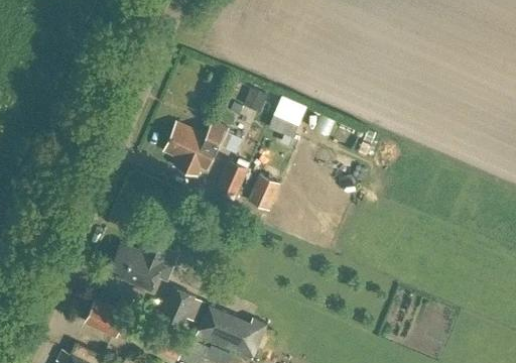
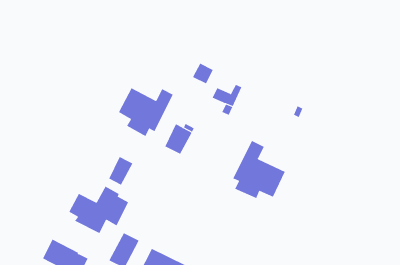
building: none -> [233,140,285,199]
building: [249,174,281,210] -> none
building: none -> [108,156,133,186]

